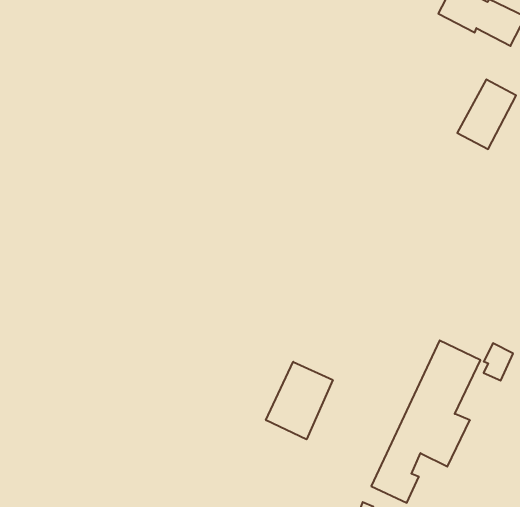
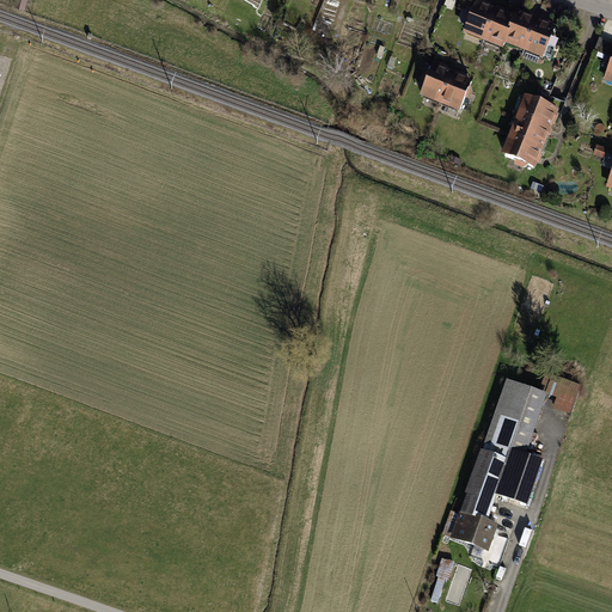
building: none -> [417,61,470,112]
building: [266,362,333,439] -> none

